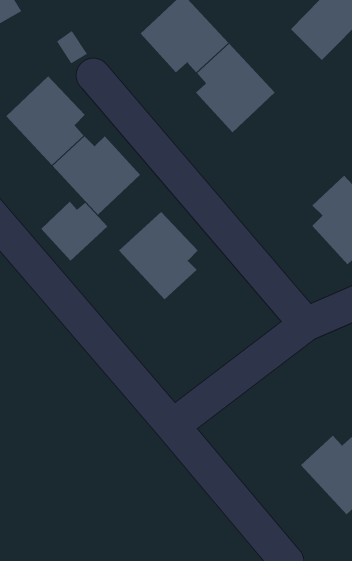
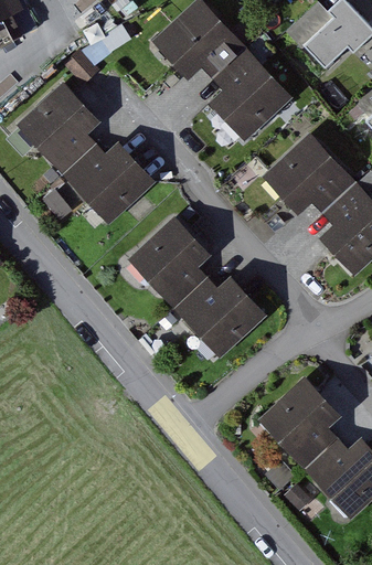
building: none -> [264,135,351,213]
building: [40,201,108,261] -> none
building: none -> [176,276,263,354]
building: none -> [263,380,340,467]

